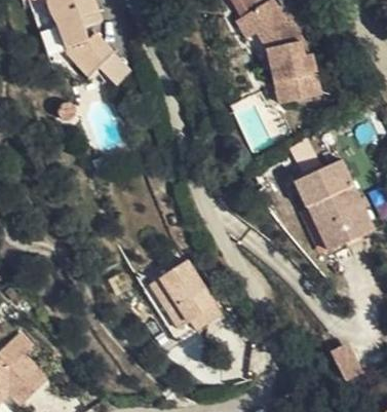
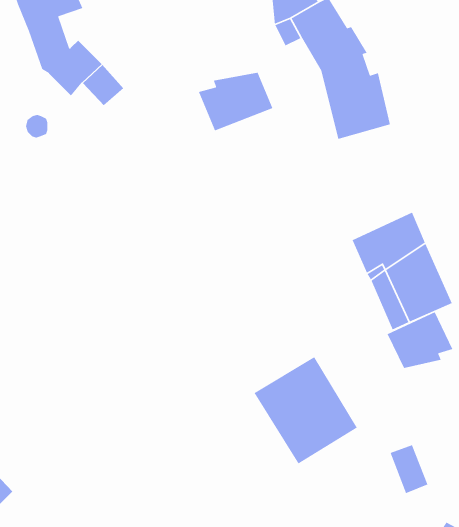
building: none -> [198,72,273,131]
building: none -> [387,311,454,369]
building: [139,256,218,338] -> [254,356,358,464]

